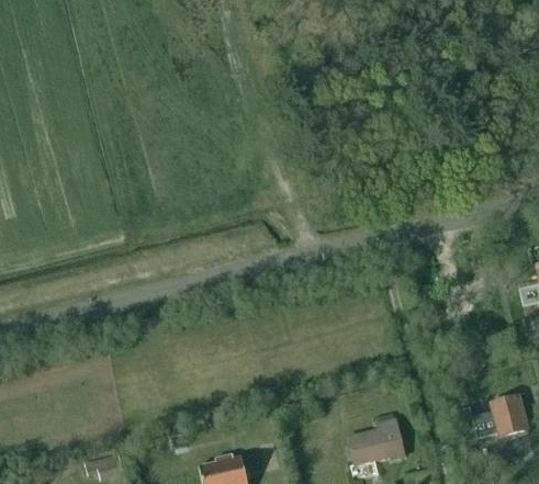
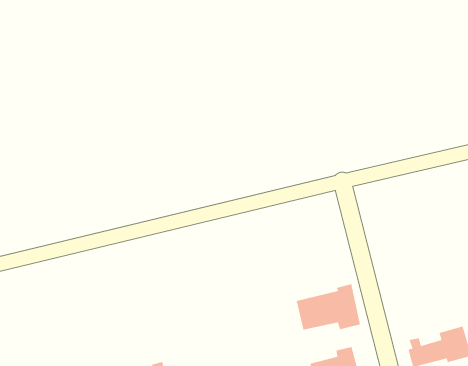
building: none -> [296,283,361,331]

